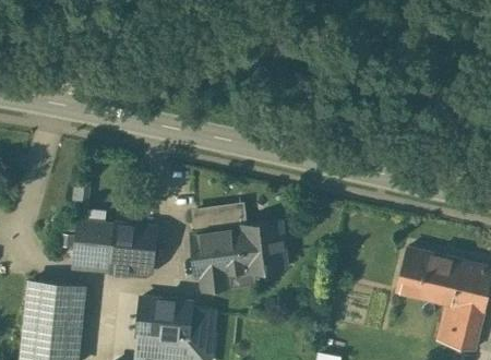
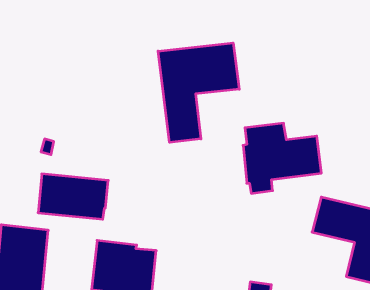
building: none -> [158,43,239,142]
building: [193,206,286,289] -> [243,123,321,193]

